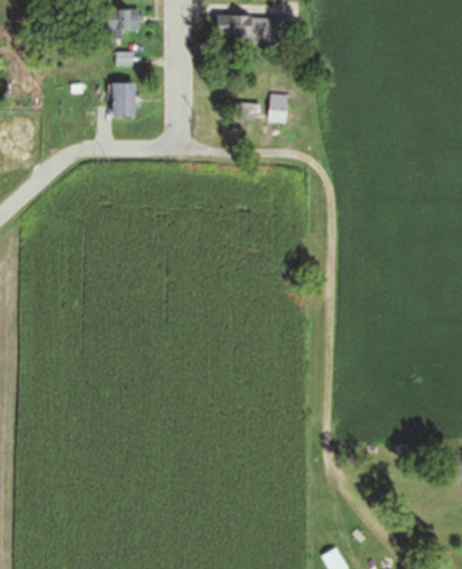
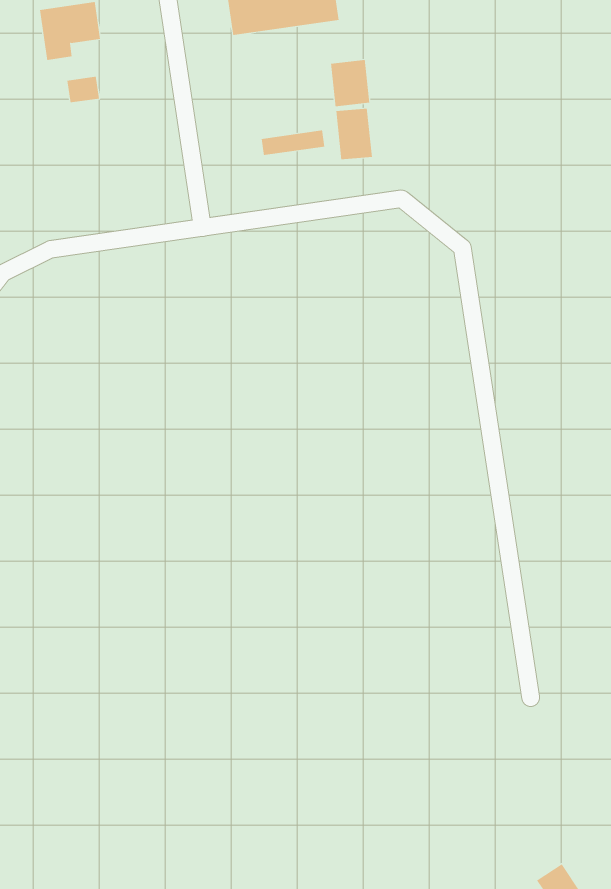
building: none -> [331,59,370,107]
building: [112,82,134,117] -> none

